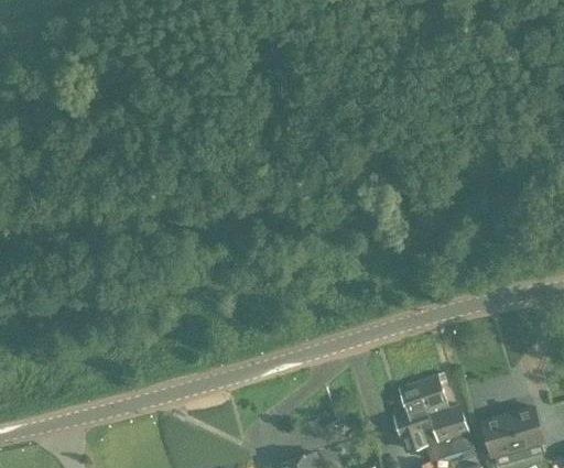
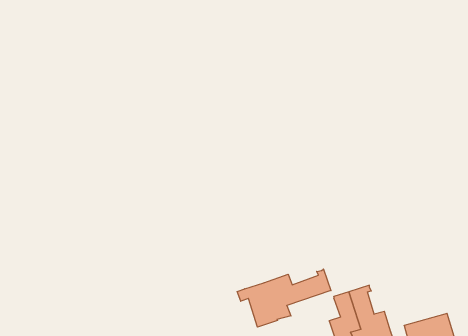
building: none -> [237,269,331,327]

